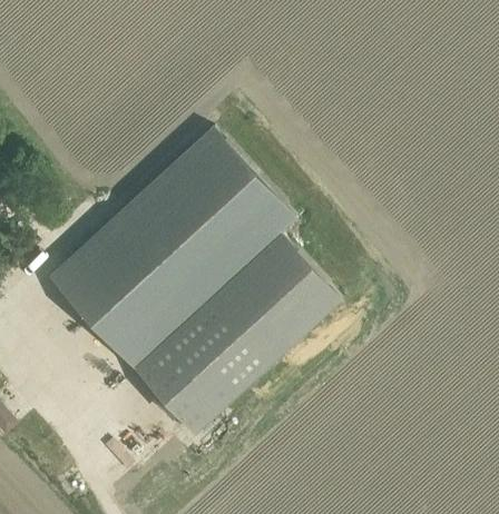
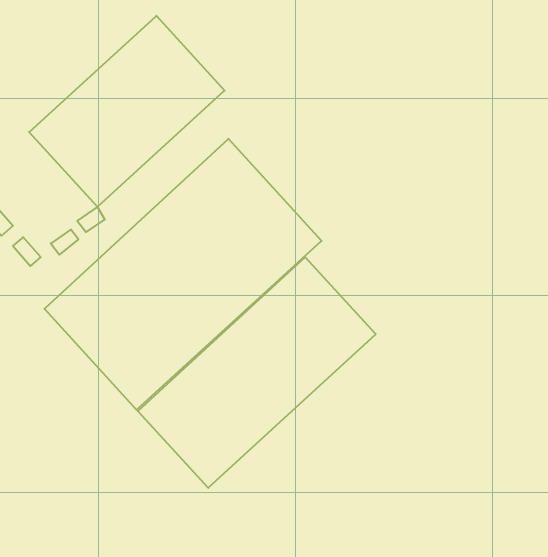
building: none -> [29,16,225,207]

